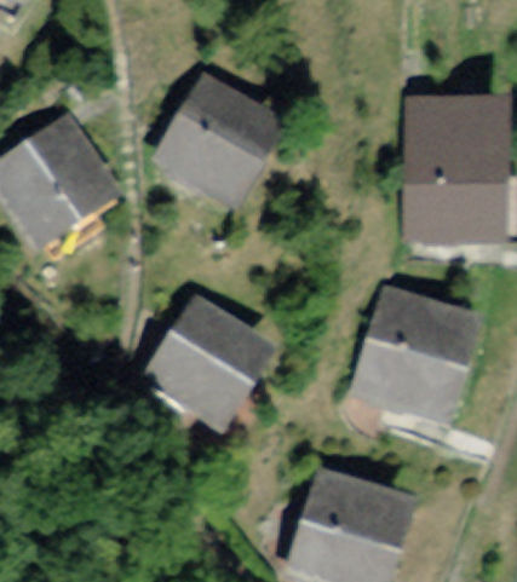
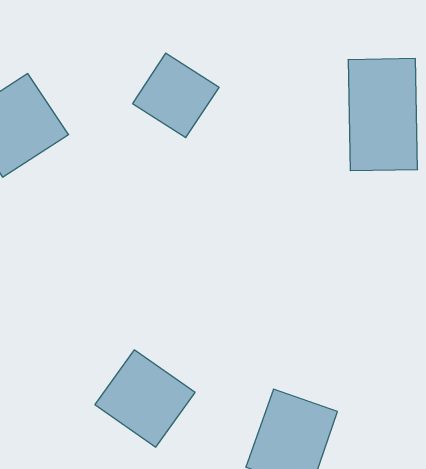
building: [154,299,268,409] -> [95,350,195,447]
building: [372,300,472,409] -> none

